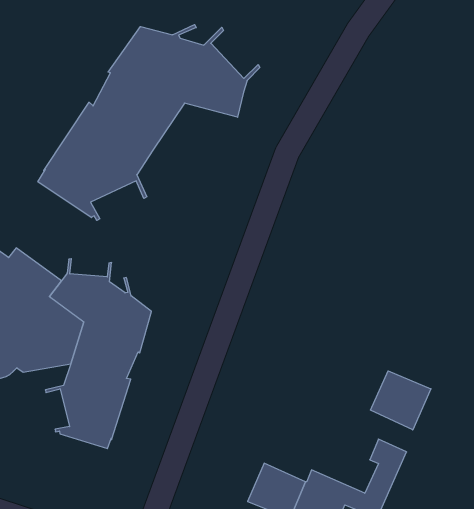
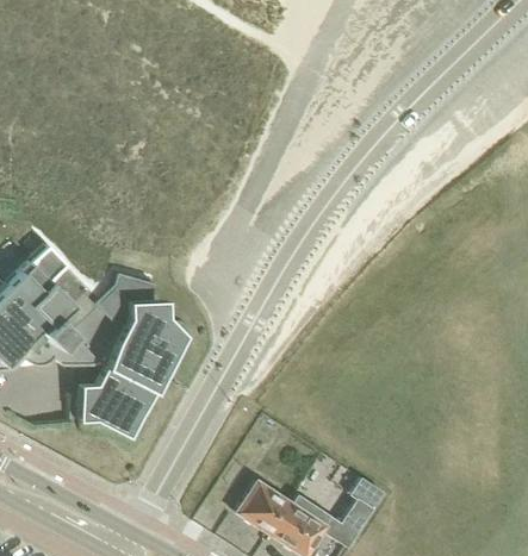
building: [38,25,260,220] -> none
building: [370,371,431,430] -> none

